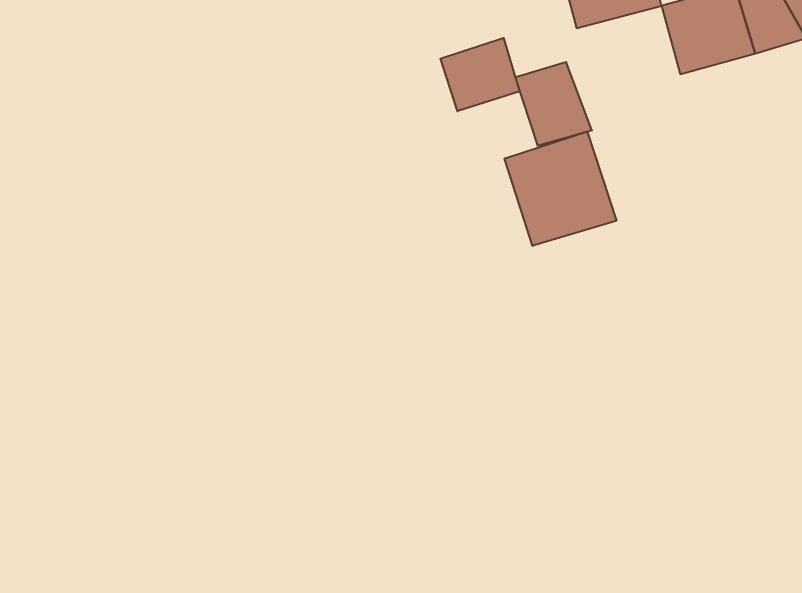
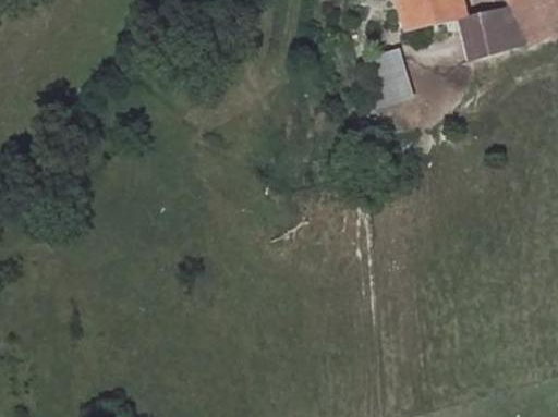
building: [440,38,519,111] -> none
building: [505,132,616,246] -> none

